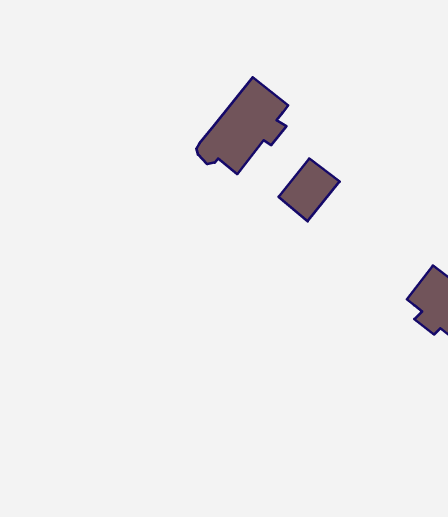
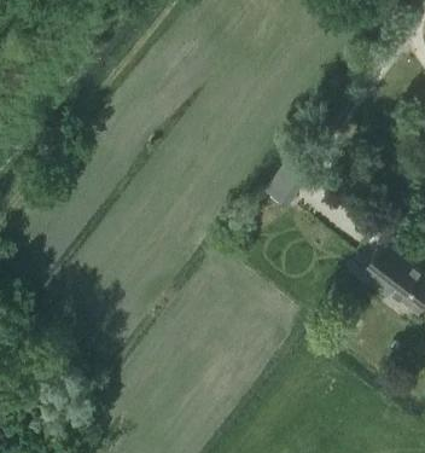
building: [196,77,288,174] -> none

